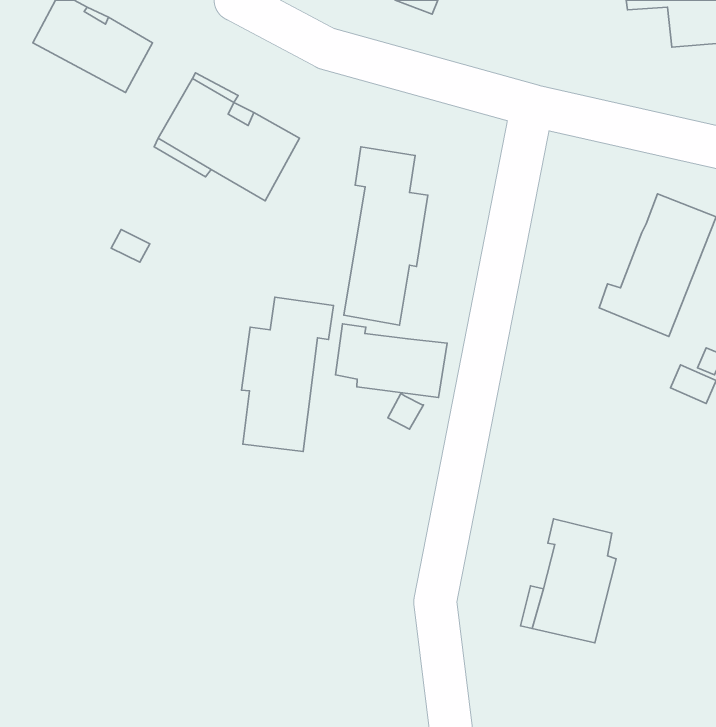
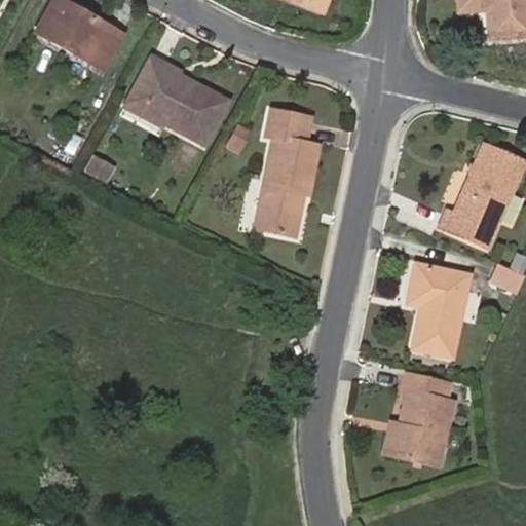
building: [242,297,333,451] -> none
building: [335,324,447,398] -> none
building: none -> [408,263,468,355]

